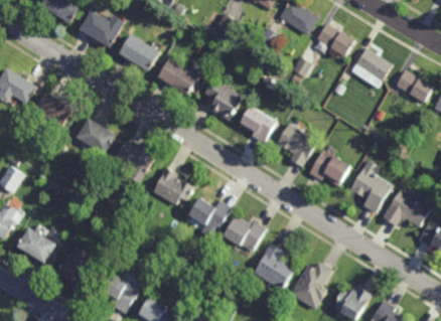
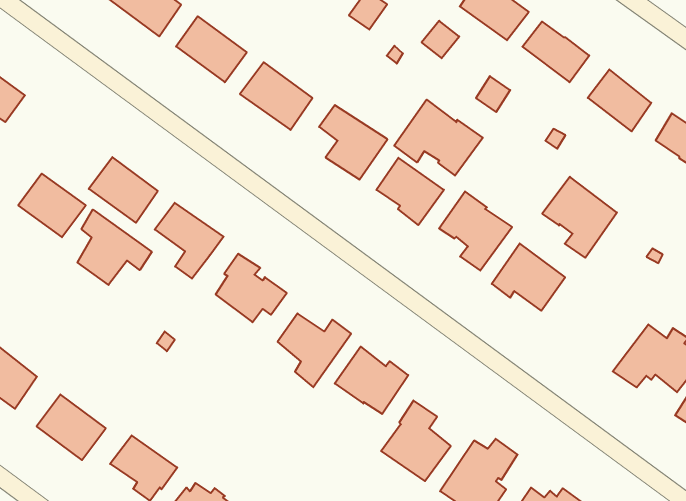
building: none -> [394,100,483,176]
building: [34,93,72,128] -> [18,174,86,237]
building: none -> [77,210,152,285]
building: [349,167,392,212] -> [542,177,617,258]

